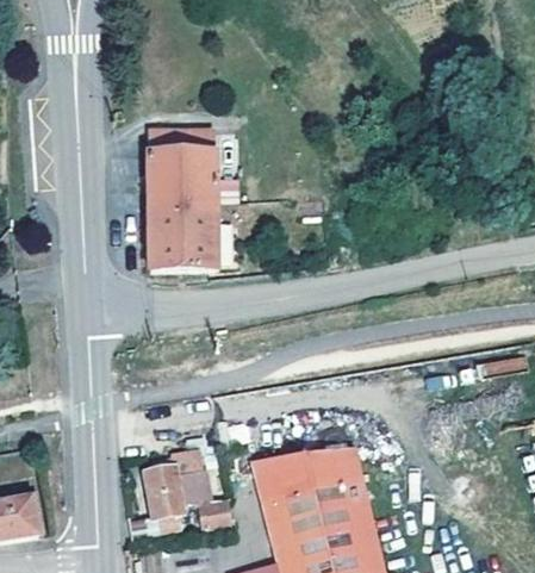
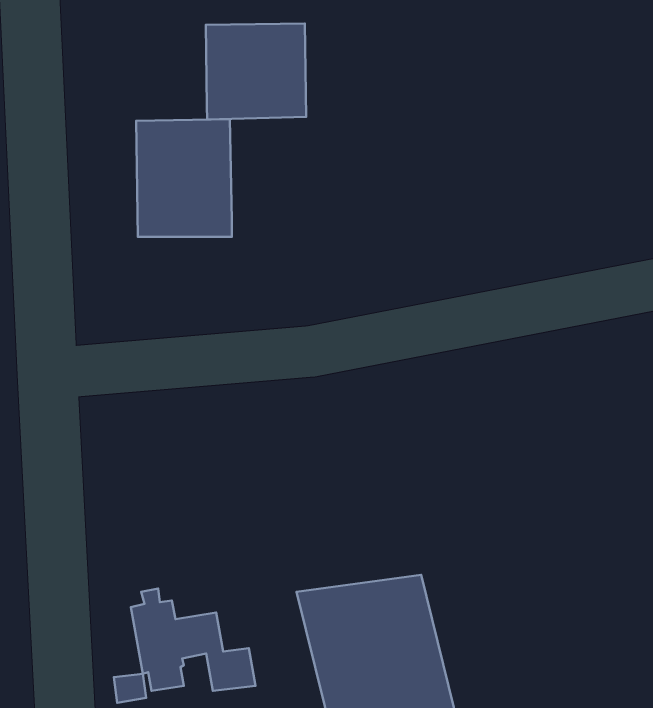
building: none -> [206,24,306,119]
building: [149,212,214,269] -> none

